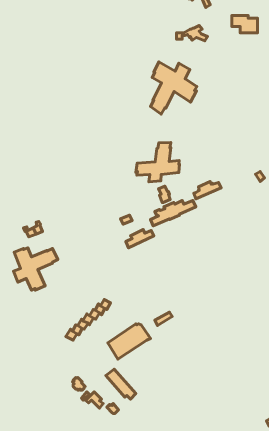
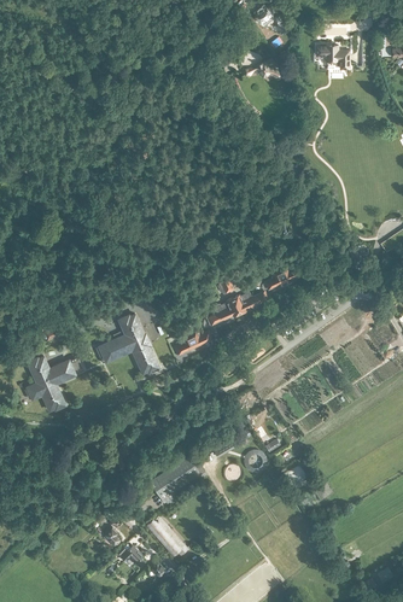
building: [150,62,197,114] -> none
building: [136,143,180,182] -> none
building: none -> [93,311,158,373]

